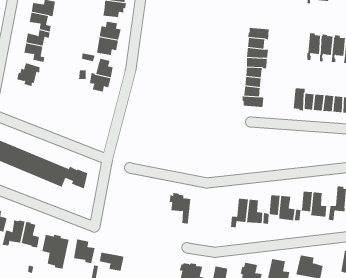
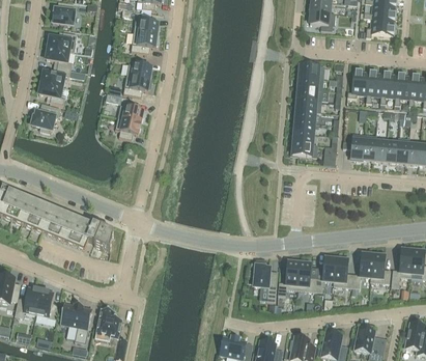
building: none -> [347,70,369,98]
building: [169,193,191,224] -> [252,265,278,301]
building: [99,252,124,271] -> none

